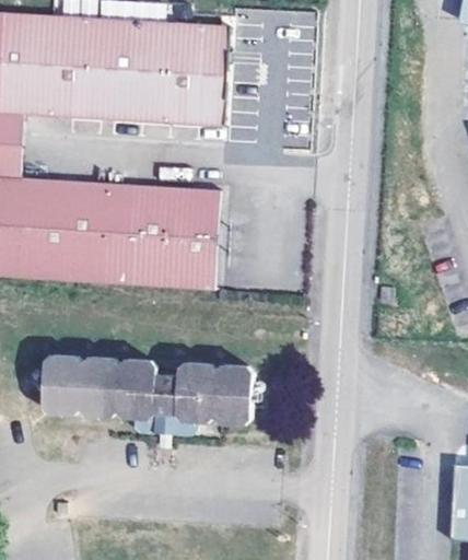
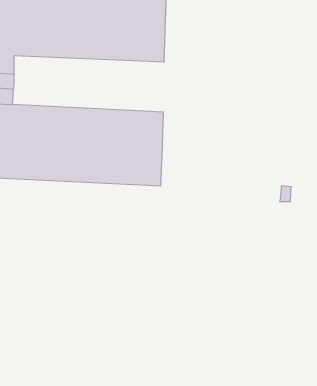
building: [48,352,264,436] -> none

